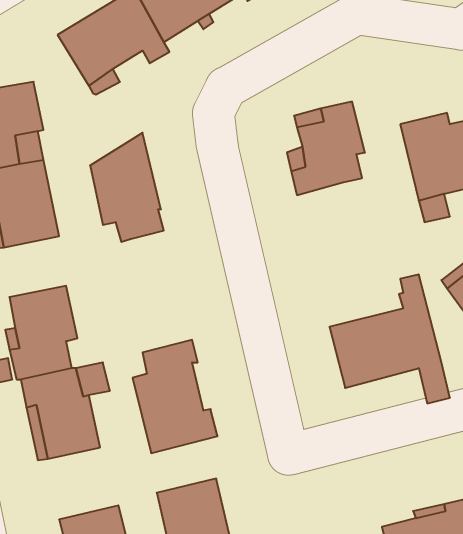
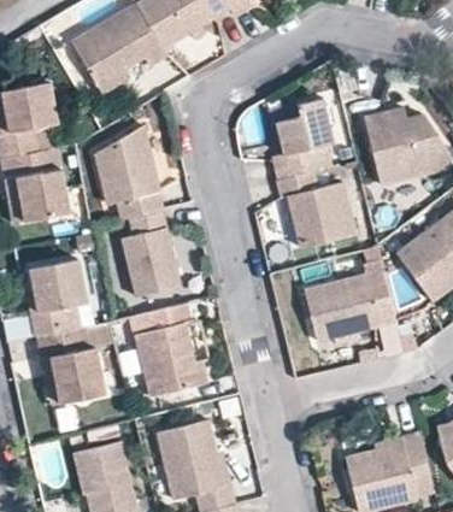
building: none -> [275,167,355,245]
building: none -> [120,208,181,296]

